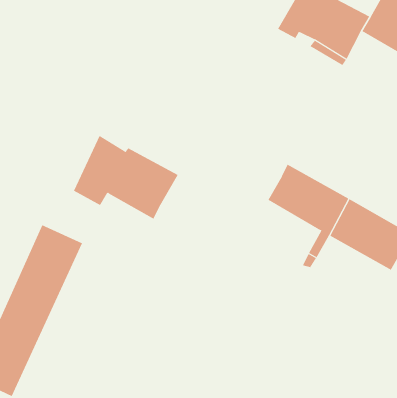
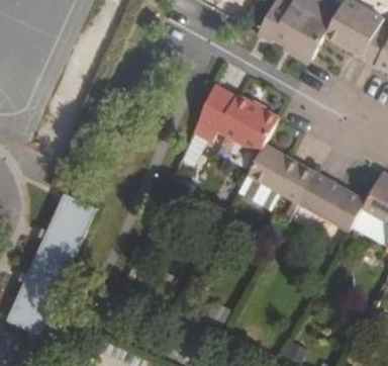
building: [73,135,179,219] -> [193,84,279,153]

